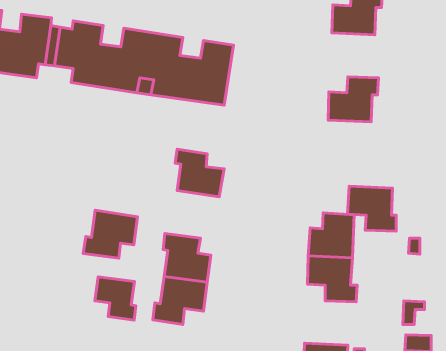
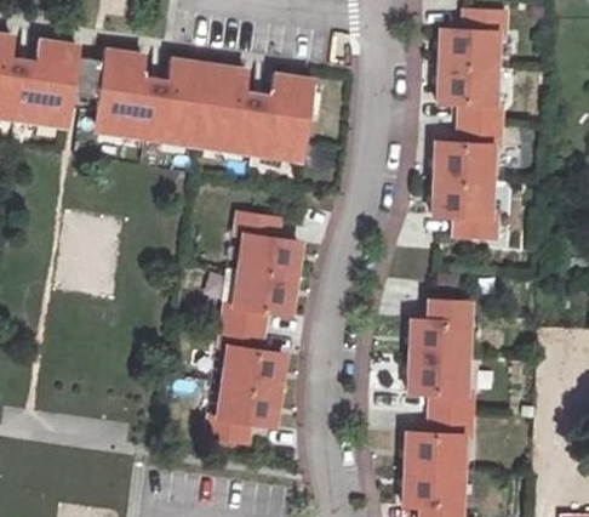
building: none -> [439,67,502,125]
building: [347,186,396,231] -> [433,180,496,238]
building: [83,210,137,258] -> [224,271,294,333]
building: [95,277,136,320] -> none
building: none -> [405,414,471,471]

